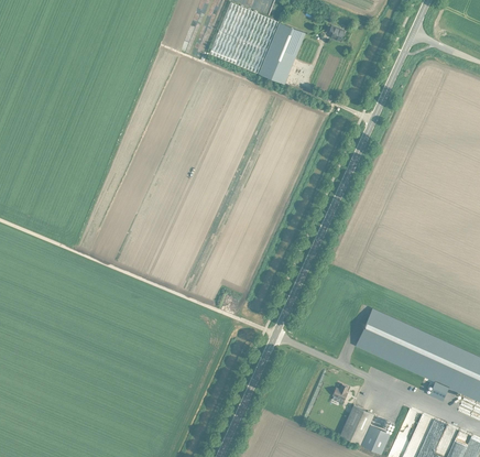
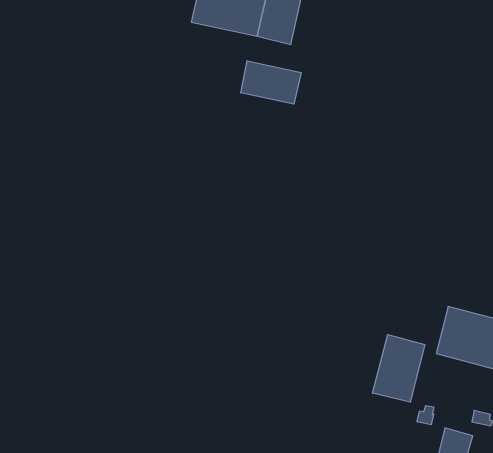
building: none -> [241,61,301,104]
building: none -> [372,335,425,402]

